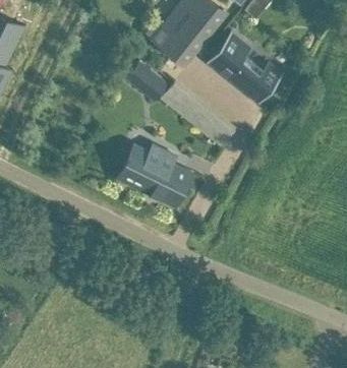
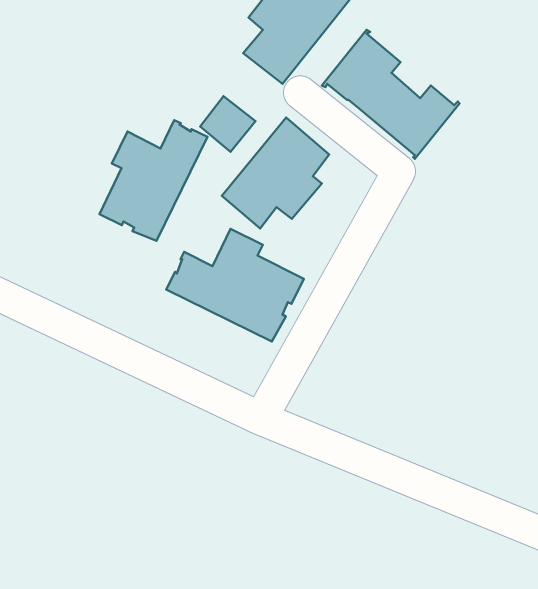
building: none -> [222,118,329,229]
building: none -> [99,120,207,241]

